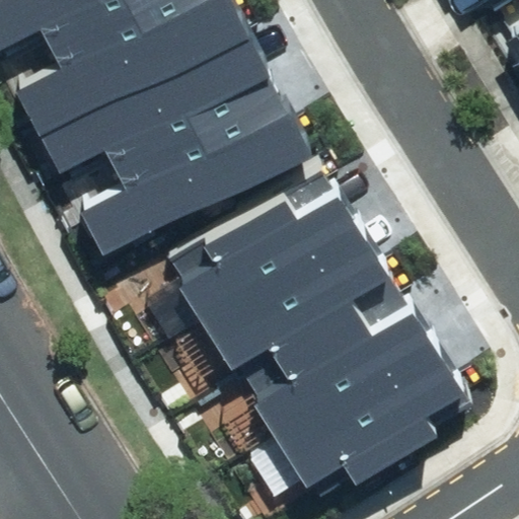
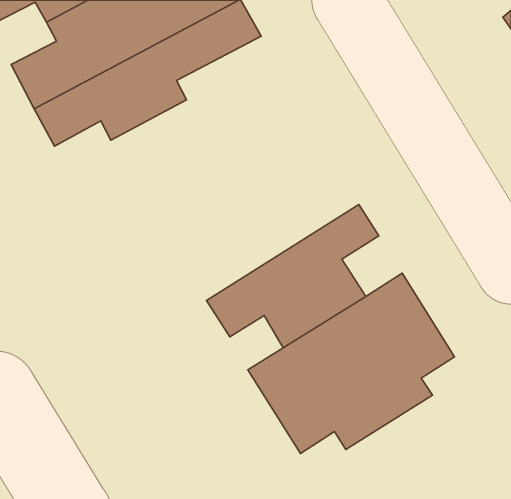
building: [78,92,306,243] -> none
building: [178,175,361,318] -> none

